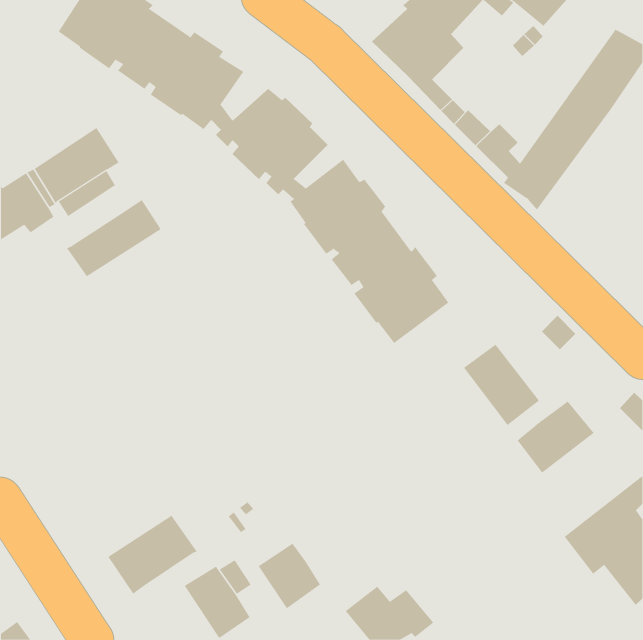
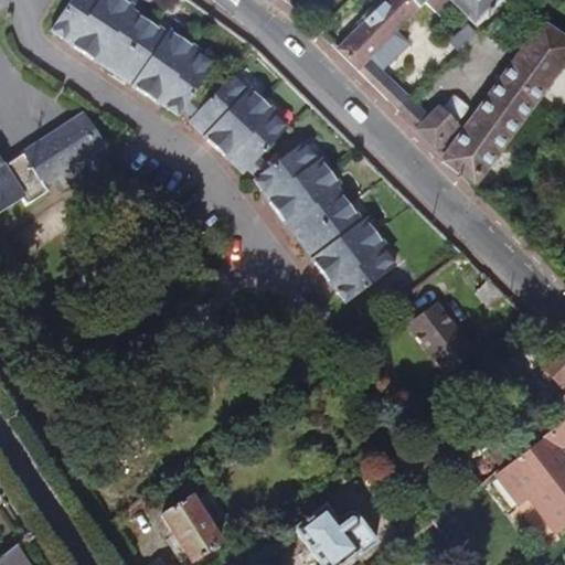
building: [66,199,162,277] -> none
building: [517,401,594,474] -> none
building: [108,515,197,595] -> none
building: [258,543,321,609] -> none

